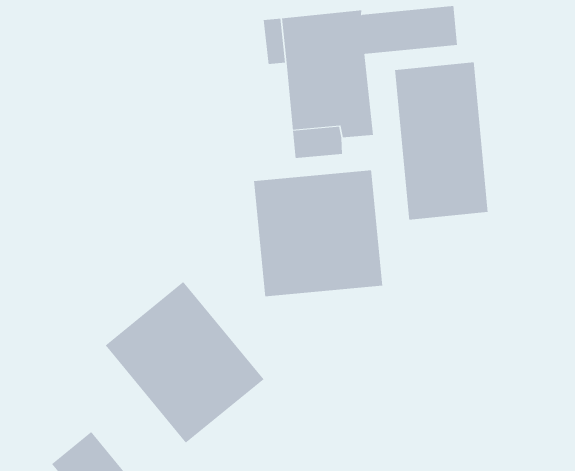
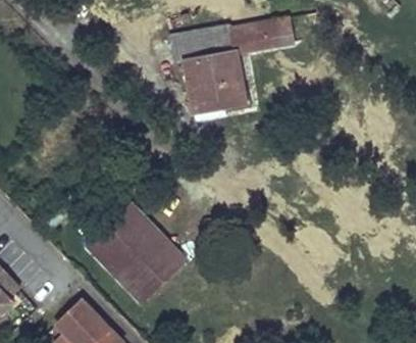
building: [395,62,488,221] -> none
building: [254,170,383,297] -> none

